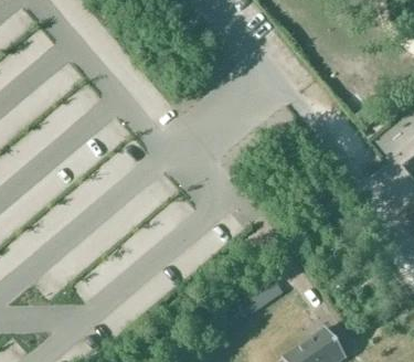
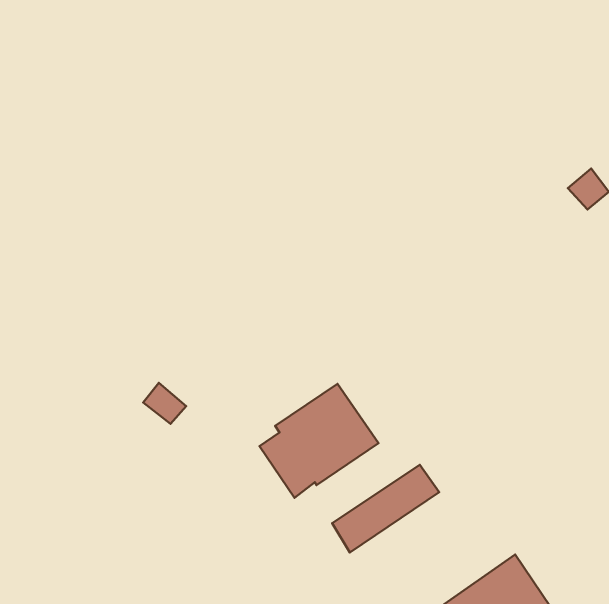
building: none -> [260,384,379,498]

